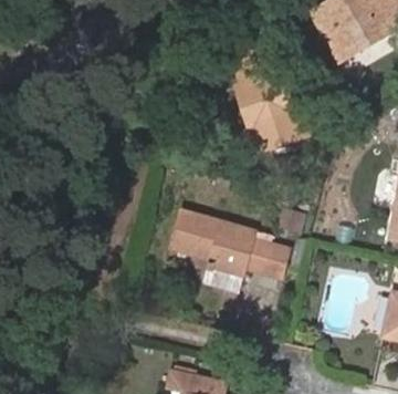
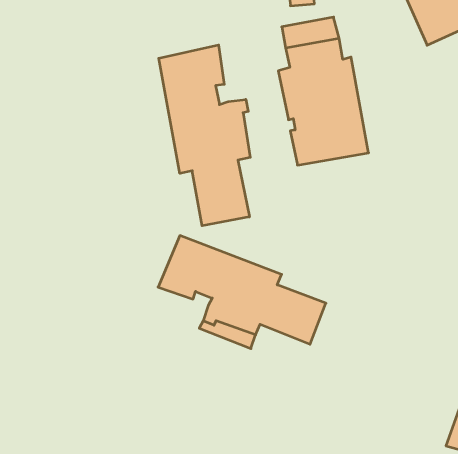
building: none -> [159,45,250,226]

